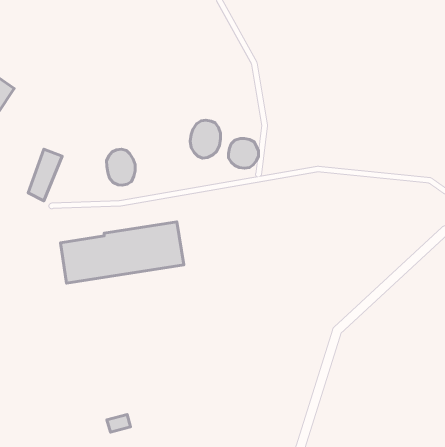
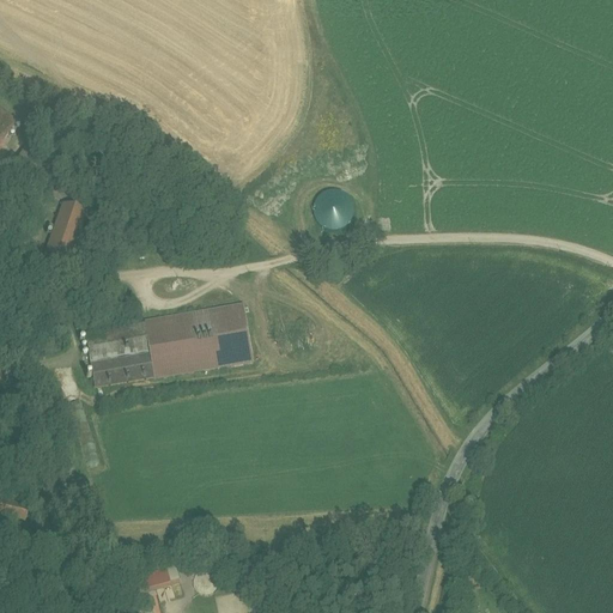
building: [190,120,221,158] -> none
building: [107,149,135,185] -> none

